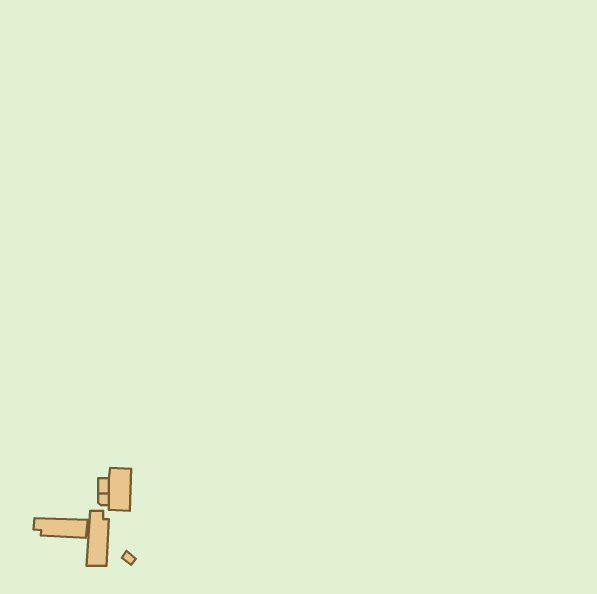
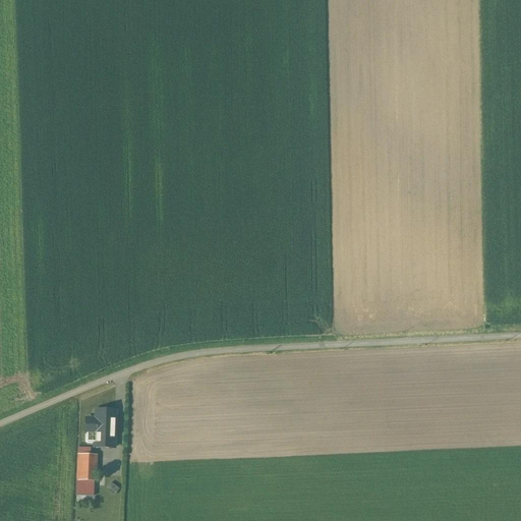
building: [33,518,88,538] -> none

